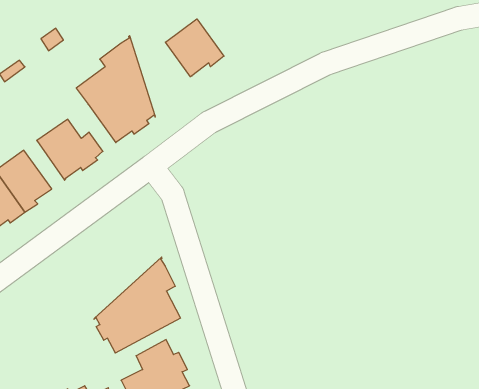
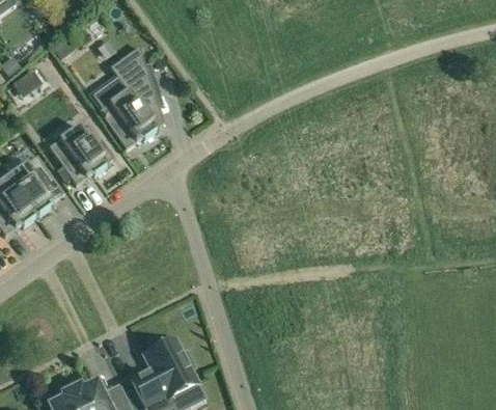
building: [165,19,224,77] -> none
building: [94,257,180,353] -> none

